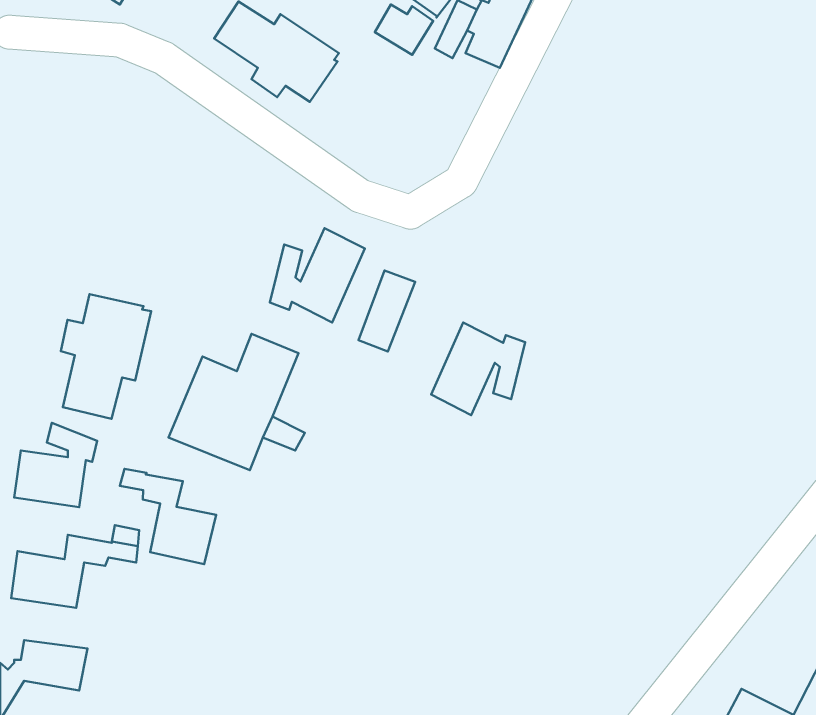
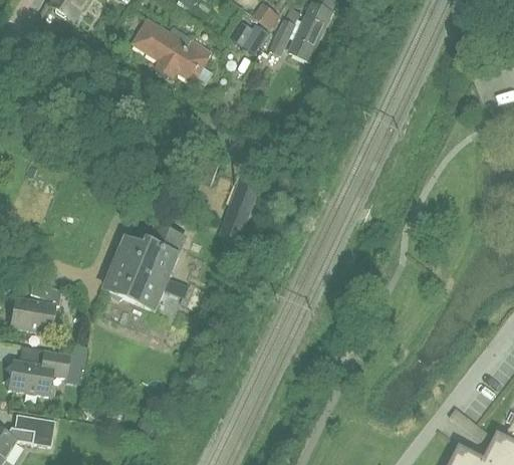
building: [270,228,365,323] -> none
building: [61,294,151,419] -> none
building: [431,322,525,415] -> none
building: [120,469,216,564] -> none

